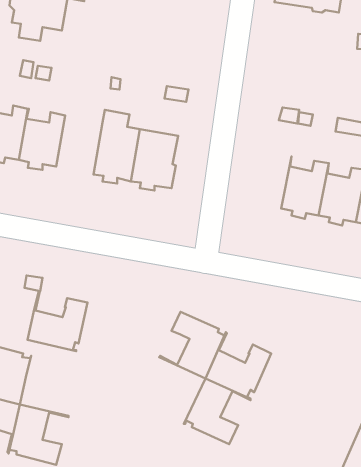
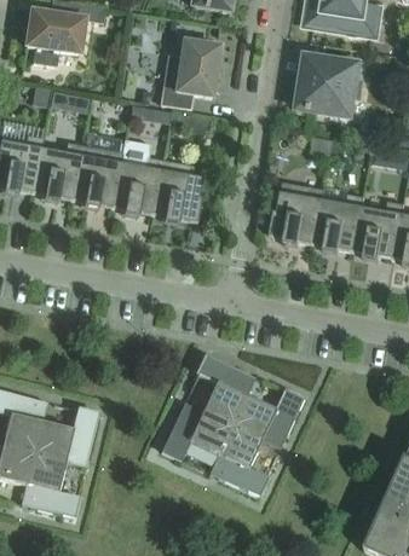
building: none -> [160,40,218,108]
building: none -> [296,56,362,116]
building: none -> [71,145,121,210]
building: none -> [269,181,323,247]
building: [28,291,87,351] -> [33,401,97,465]
building: none -> [160,402,231,474]

